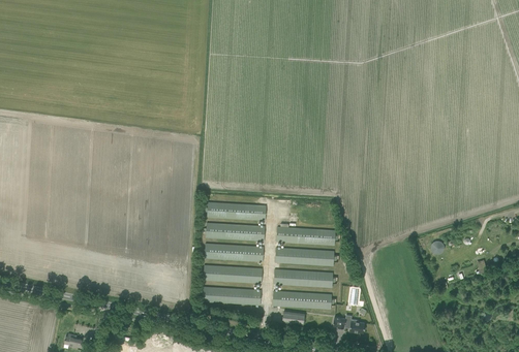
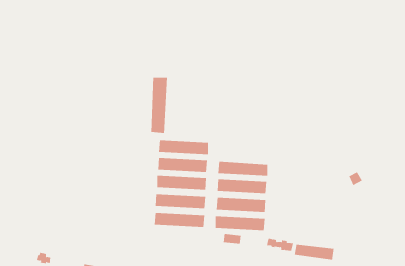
building: none -> [151,77,167,134]
building: none -> [294,244,334,261]

